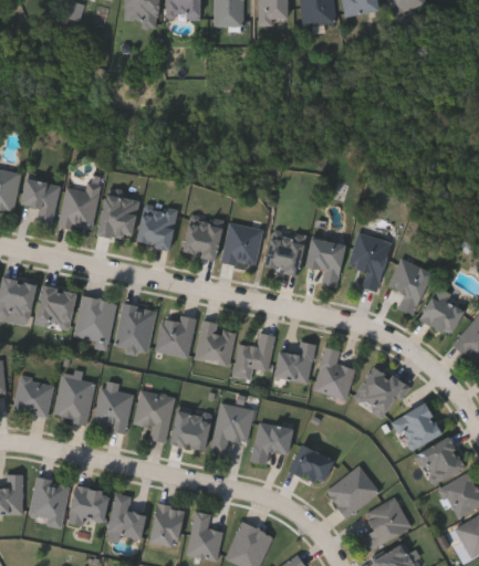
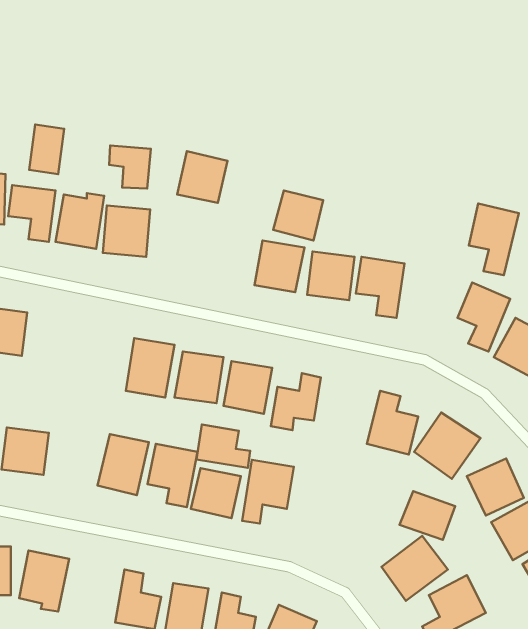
building: none -> [29,124,64,174]
building: none -> [109,145,151,189]
building: [135,208,176,250] -> [177,151,227,203]
building: [180,219,221,260] -> [273,191,323,241]
building: [348,233,389,292] -> [469,204,519,275]
building: [34,285,76,329] -> none
building: [75,295,116,343] -> none
building: [274,342,315,384] -> none
building: none -> [196,425,250,468]
building: [54,376,94,423] -> none
building: [251,422,291,465] -> none
building: [288,444,333,484] -> [400,491,455,540]
building: [69,486,107,526] -> none

